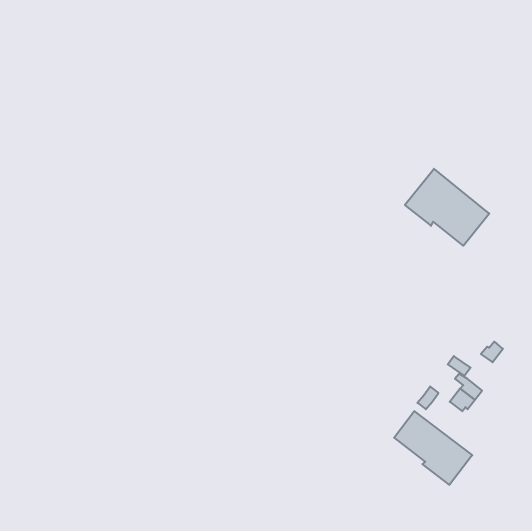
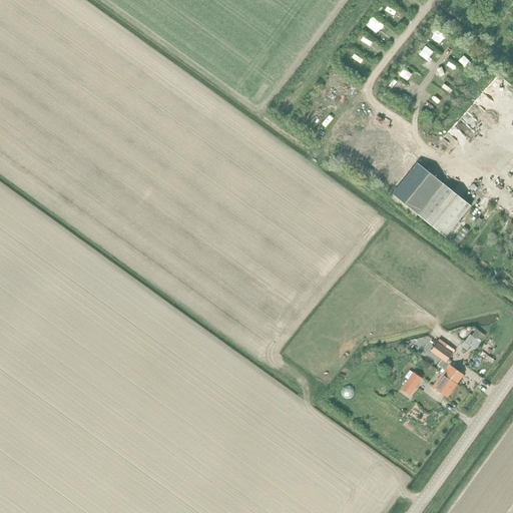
building: [394,411,472,485] -> none

